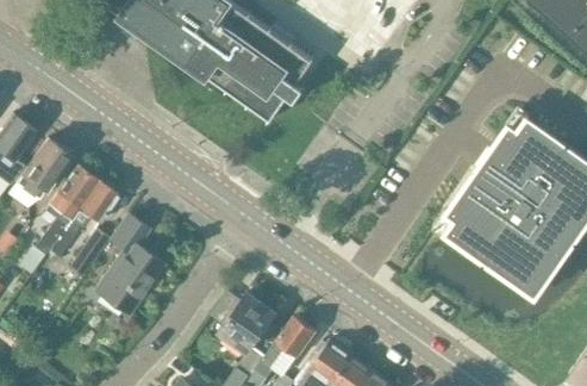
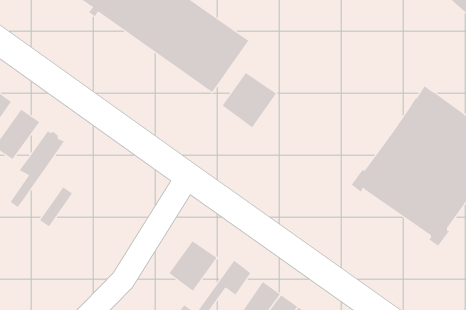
building: none -> [222,72,277,128]
building: [48,179,119,257] -> none
building: [94,217,163,317] -> none

